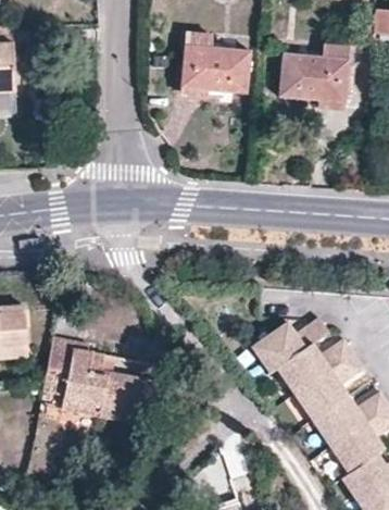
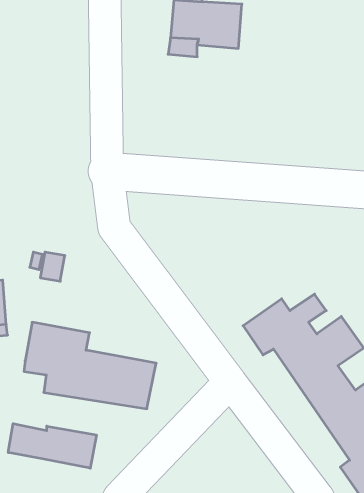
building: [281,53,348,99] -> none
building: none -> [8,424,96,468]

